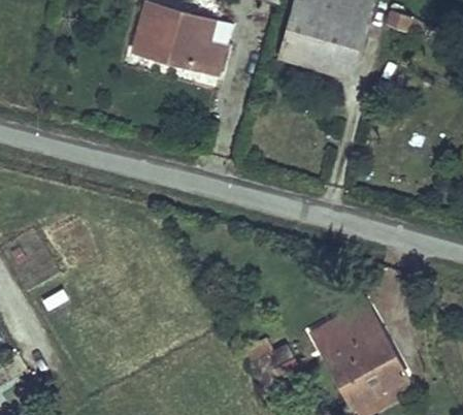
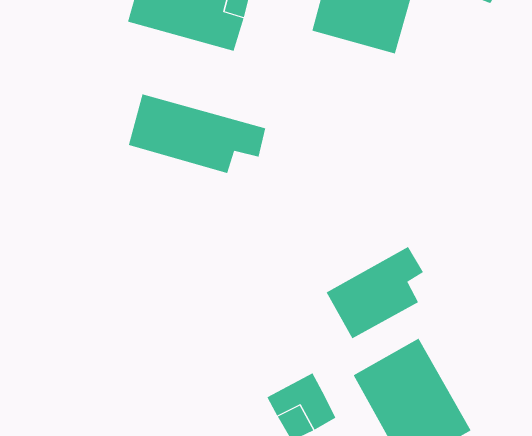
building: none -> [128,93,266,174]
building: none -> [326,246,424,339]

